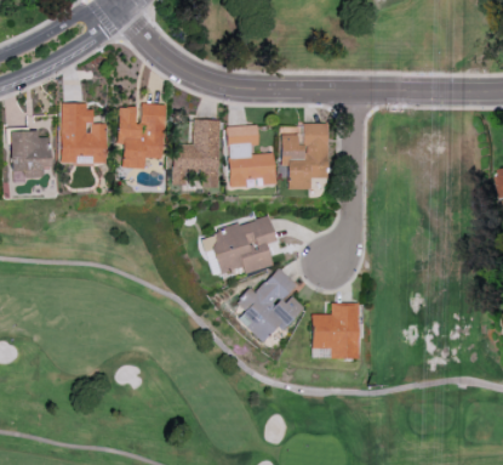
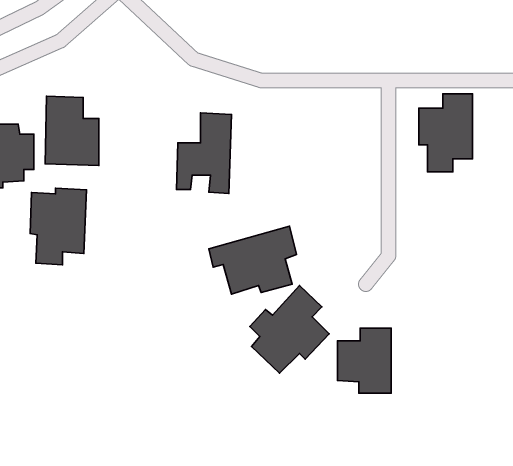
building: [116,103,165,169] -> [30,188,87,265]
building: [280,123,326,189] -> [419,94,473,172]
building: [225,125,274,187] -> none

